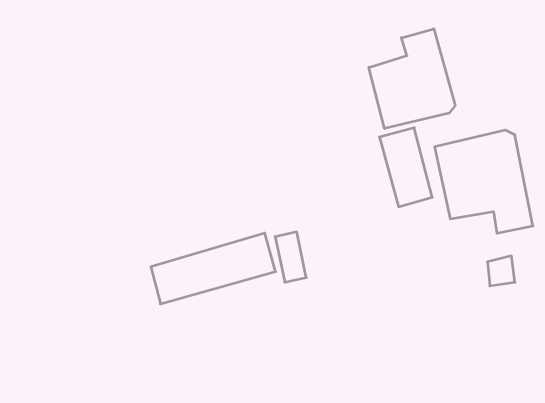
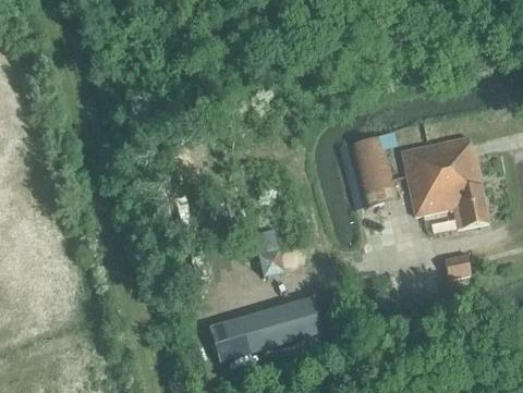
building: [369,29,455,129] -> none
building: [151,233,276,304] -> [210,296,324,360]

